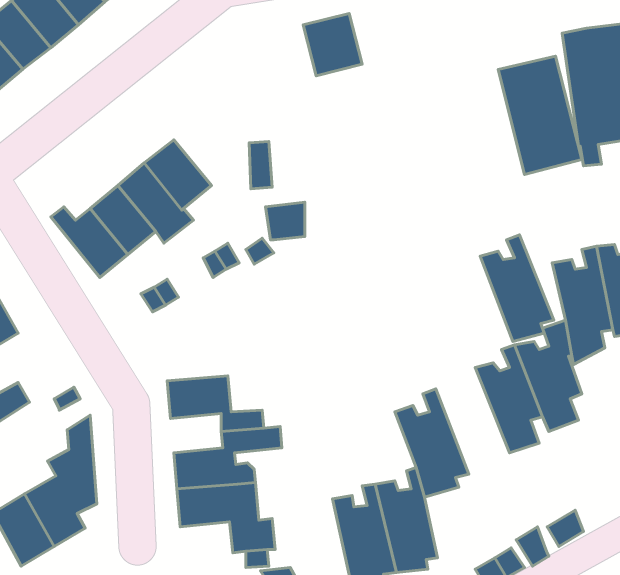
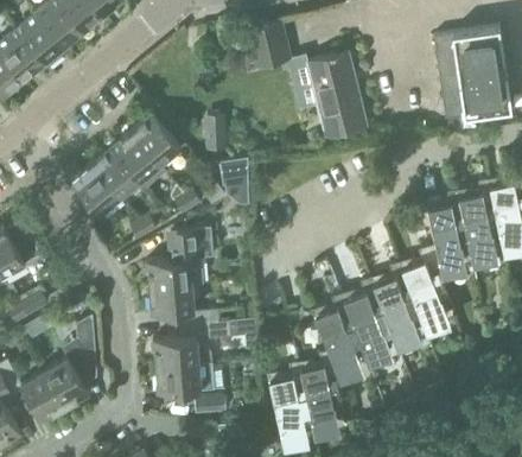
building: [498,56,582,174] -> [307,53,368,139]
building: [480,235,554,341] -> [343,280,396,357]
building: none -> [146,230,214,290]

